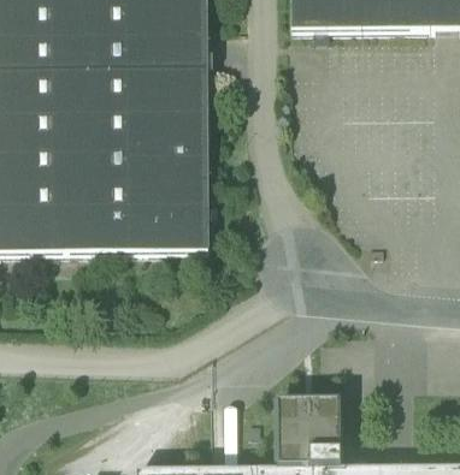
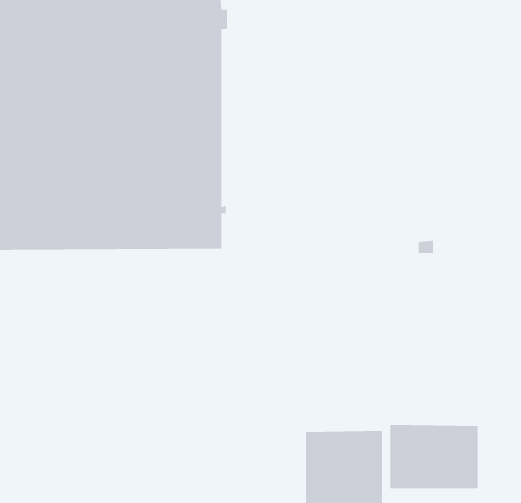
building: none -> [390,424,478,489]

